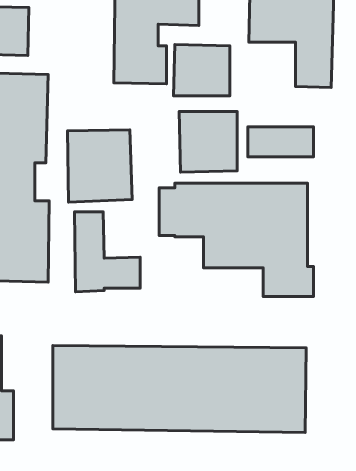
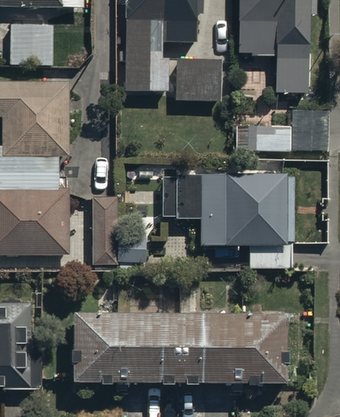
building: [179,111,237,172] -> none
building: [67,130,132,202] -> none

